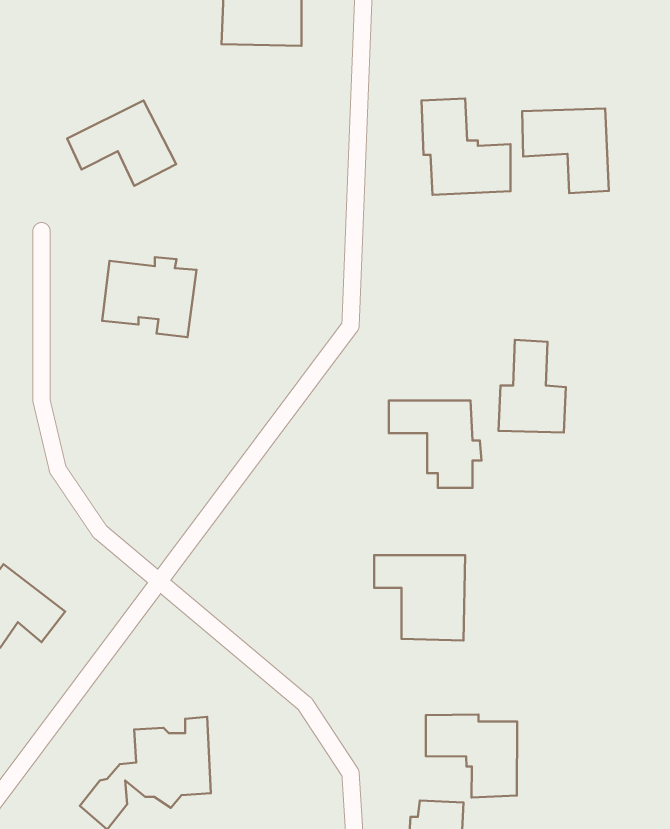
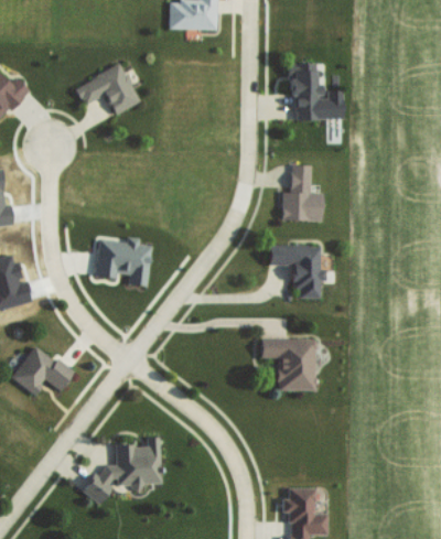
building: [522,108,609,193] -> none
building: [102,257,197,337] -> [94,237,151,285]
building: [499,340,566,433] -> [281,164,322,220]
building: [426,715,517,797] -> none

